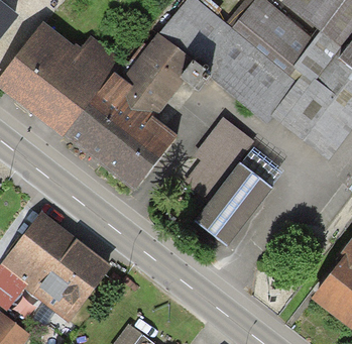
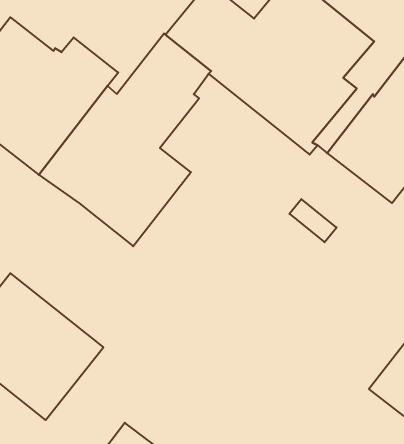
building: [183,116,271,247] -> none

